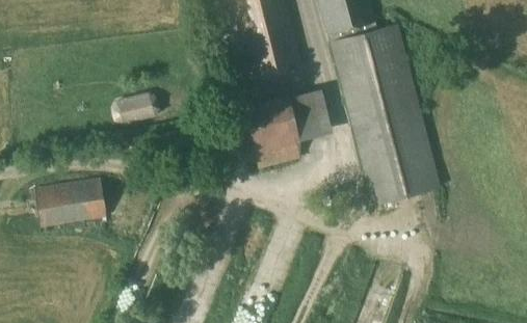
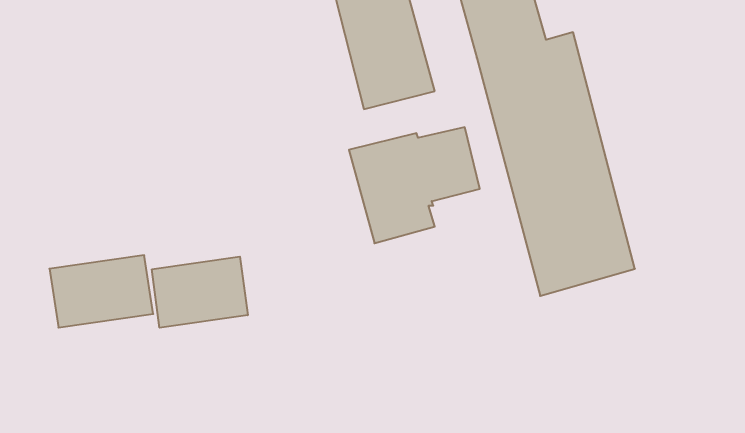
building: [113,92,158,123] -> none
building: none -> [152,257,248,328]

